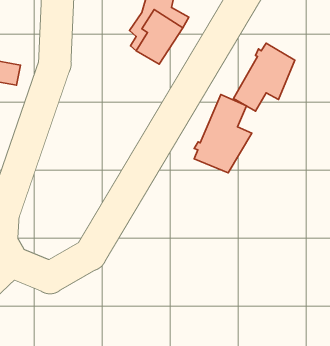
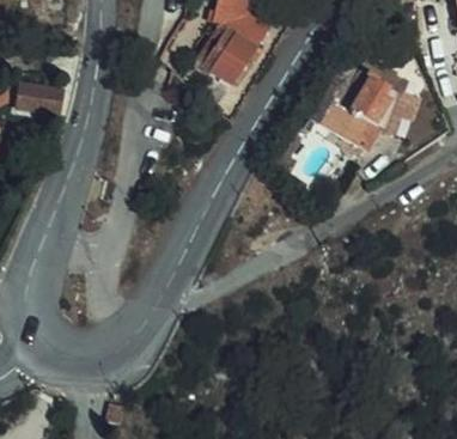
building: [194,95,252,173] -> none

